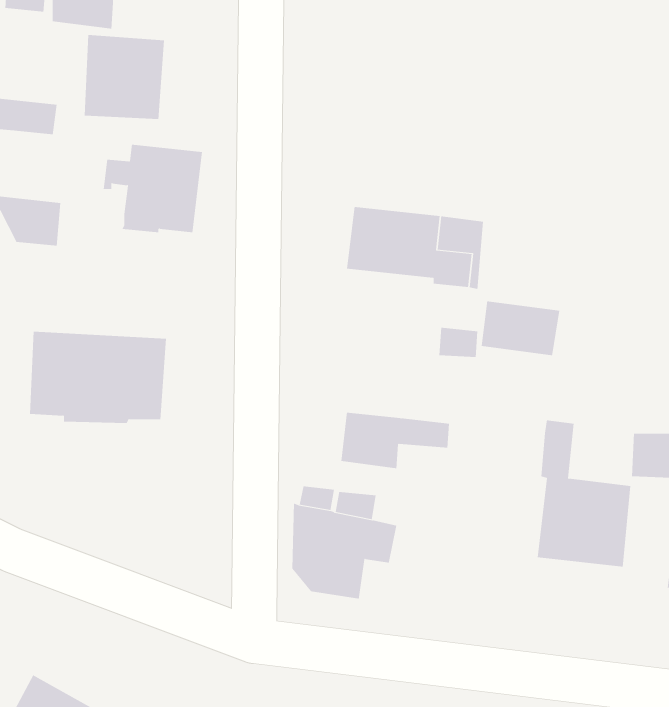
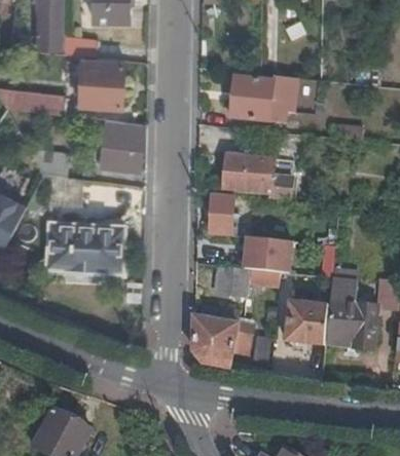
building: none -> [228,75,296,123]
building: none -> [209,195,239,235]
building: [481,301,560,356] -> [256,242,299,272]
building: none -> [284,301,326,344]

